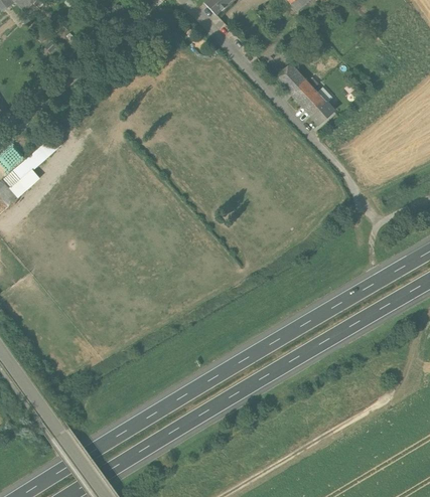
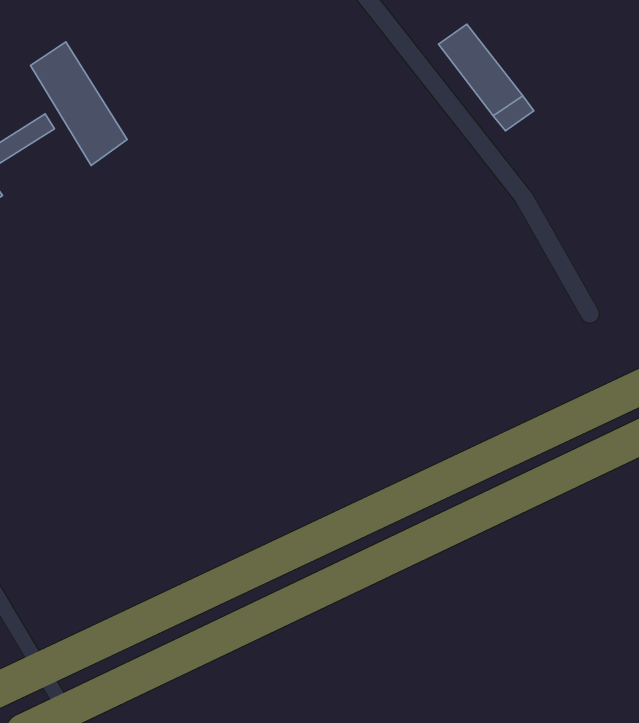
building: none -> [30,42,127,166]

